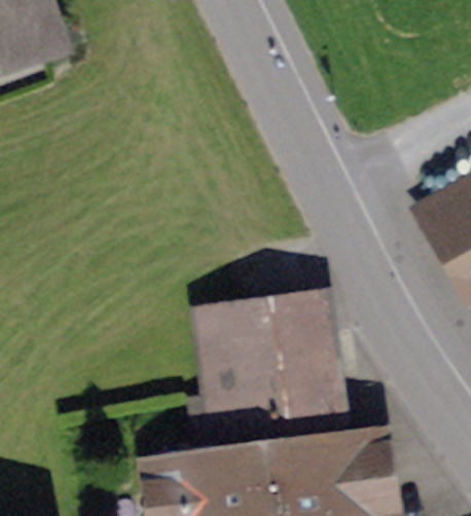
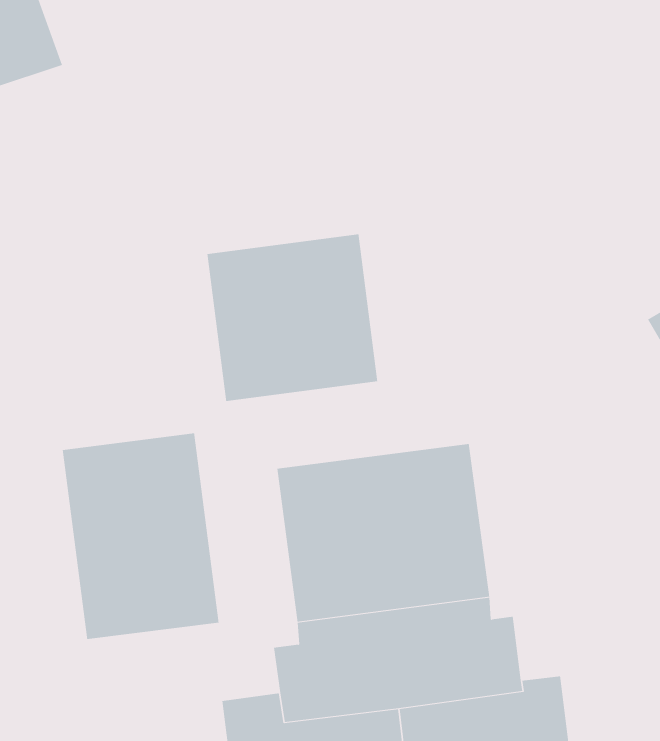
building: none -> [207,234,378,402]
building: none -> [62,433,219,640]

